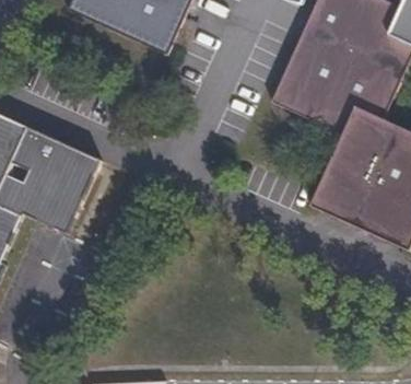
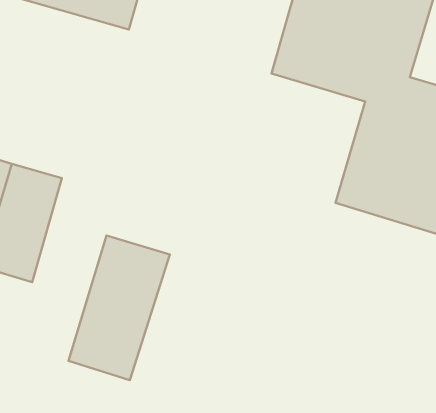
building: none -> [69,235,170,380]

